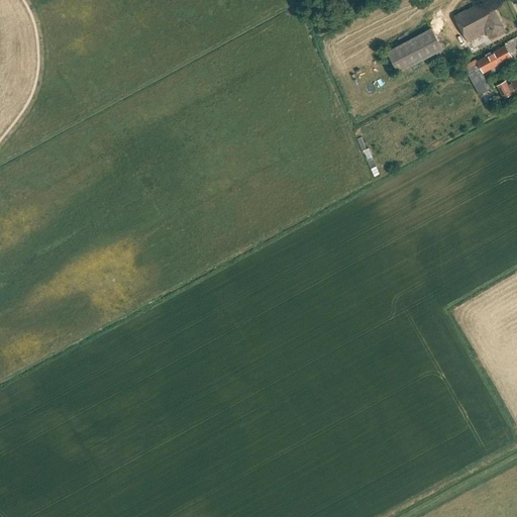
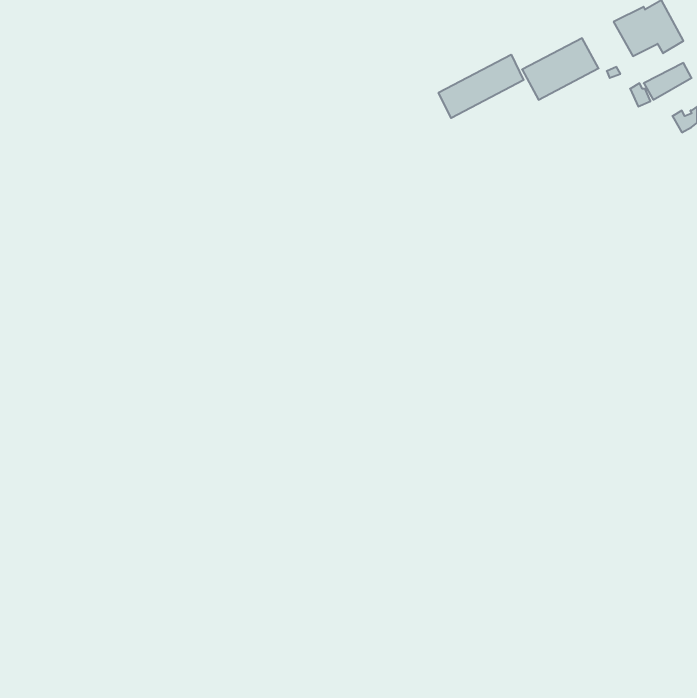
building: none -> [439,55,524,118]

